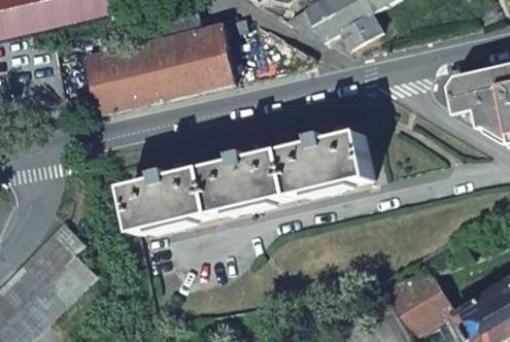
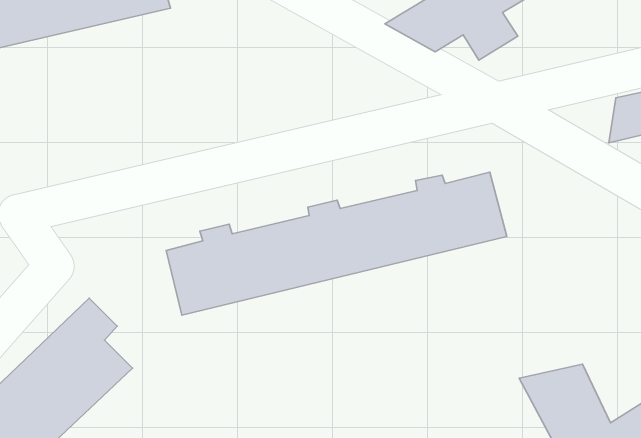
building: [57,25,235,109] -> none

